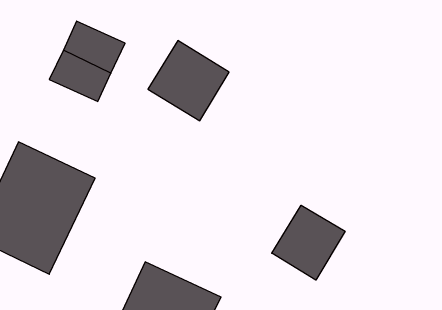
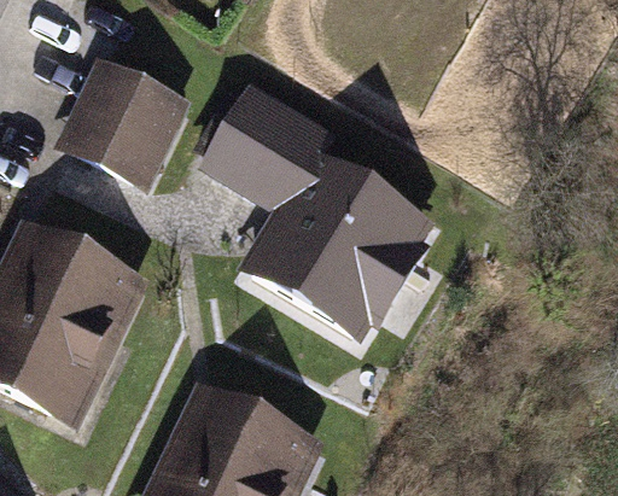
building: none -> [256,162,420,329]
building: [272,205,345,280] -> none

